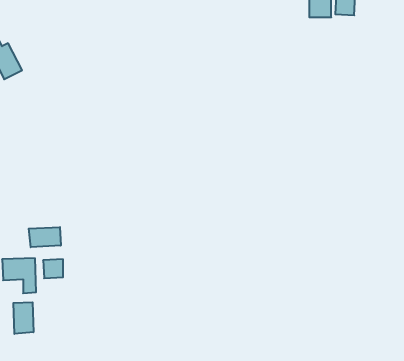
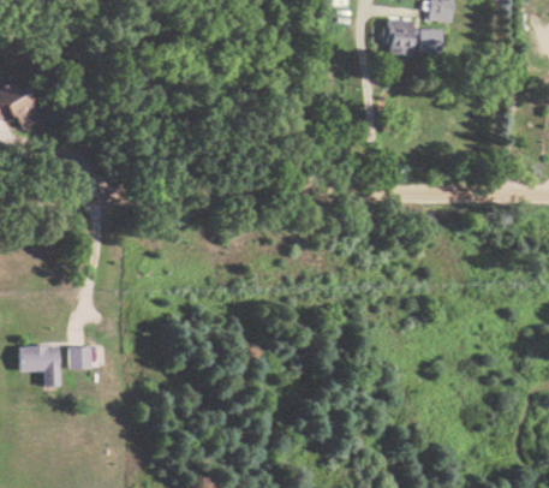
building: [29,227,61,247] -> none
building: [13,302,33,334] -> none

